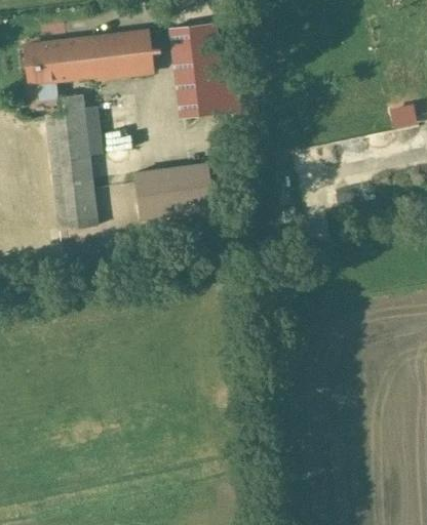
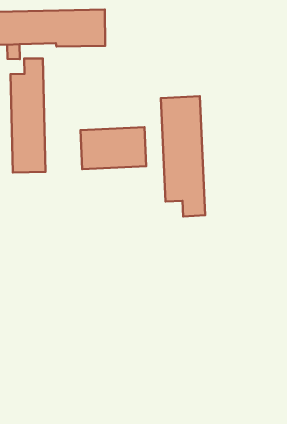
building: [173,23,226,118] -> none
building: none -> [161,96,205,216]

